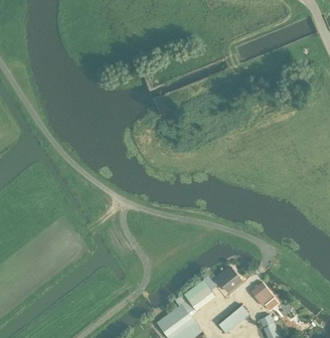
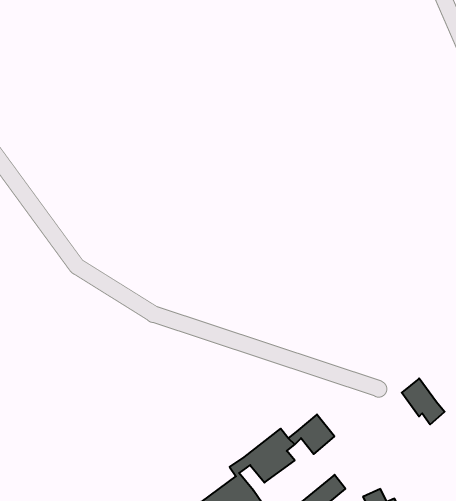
building: [252,282,279,311] -> [402,378,445,424]

